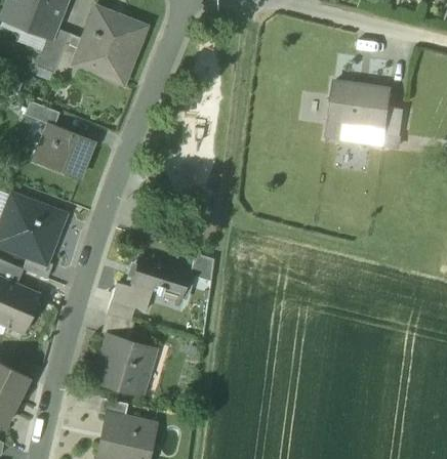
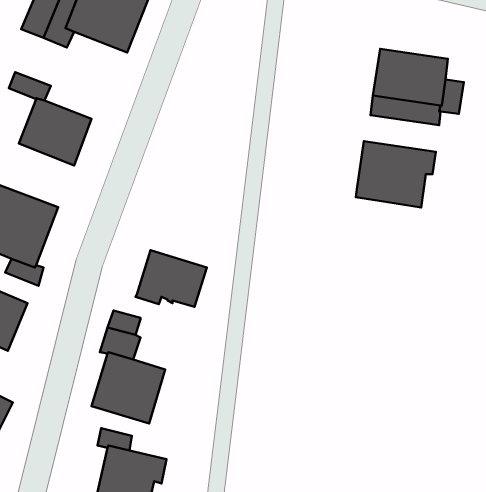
building: none -> [356,141,436,208]
building: [112,283,150,310] -> none

